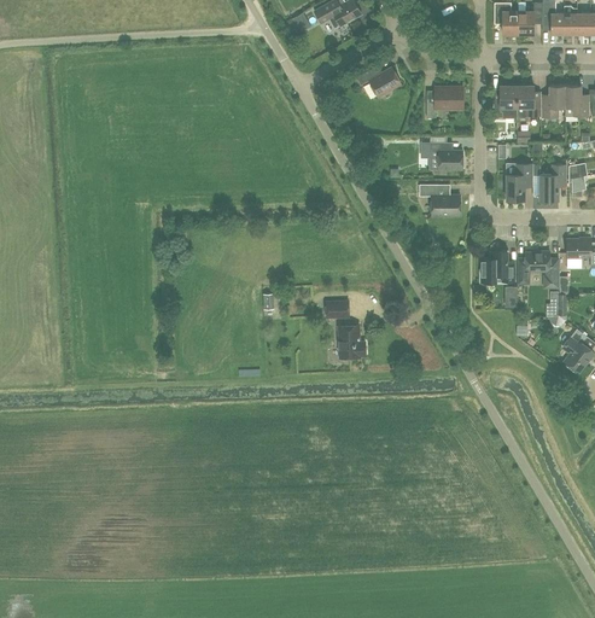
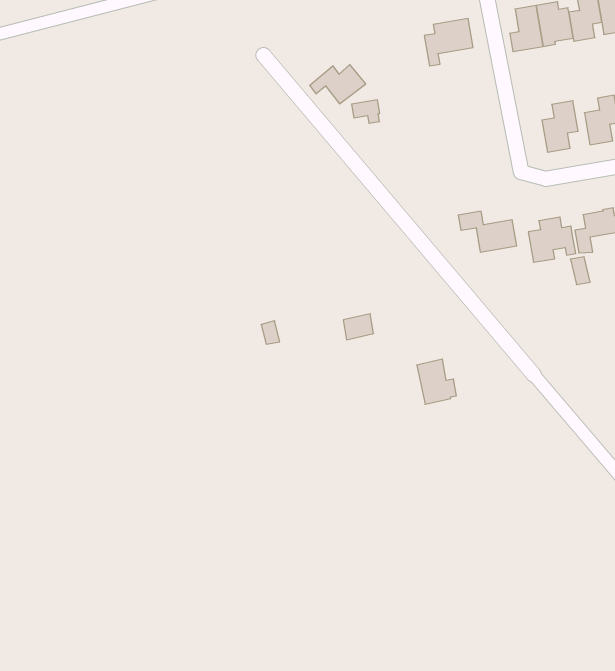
building: [356,66,399,97] -> [310,65,366,104]
building: [421,142,462,170] -> none
building: [419,185,460,216] -> [458,211,517,252]
building: [338,326,364,358] -> [417,359,456,404]

